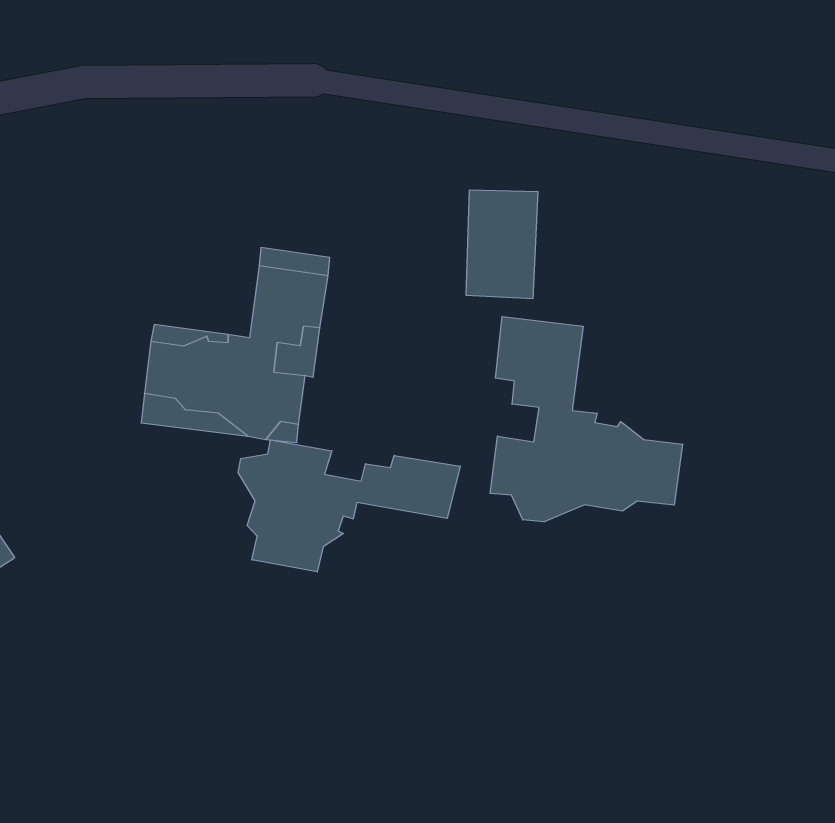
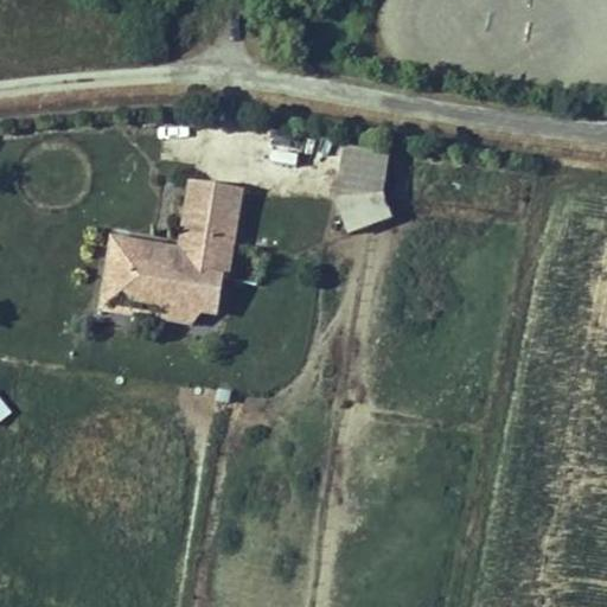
building: [490,316,683,522] -> none
building: [238,440,460,572] -> none

